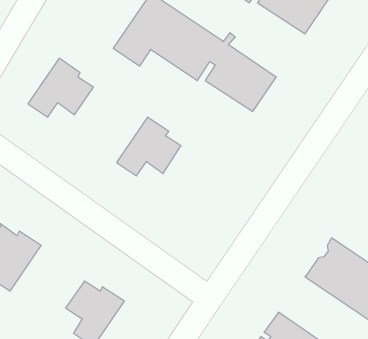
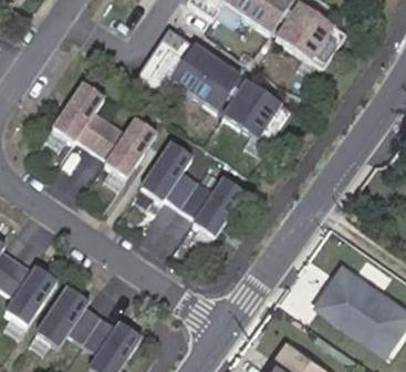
building: none -> [89,120,147,186]
building: none -> [177,178,236,245]
building: none -> [33,283,98,343]

